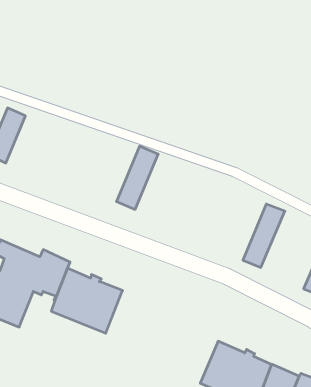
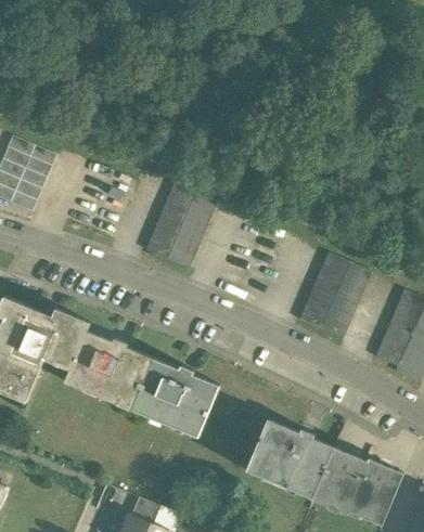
building: none -> [10,146,56,212]
building: none -> [167,193,217,269]
building: none -> [320,262,371,340]
building: none -> [131,359,218,438]

